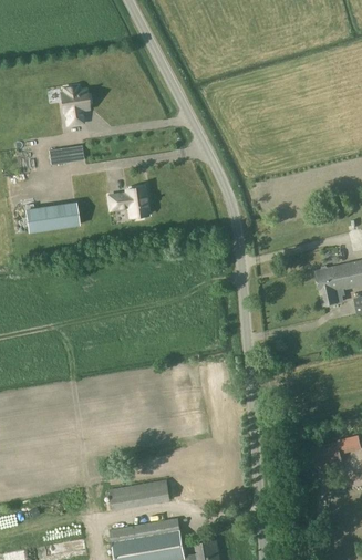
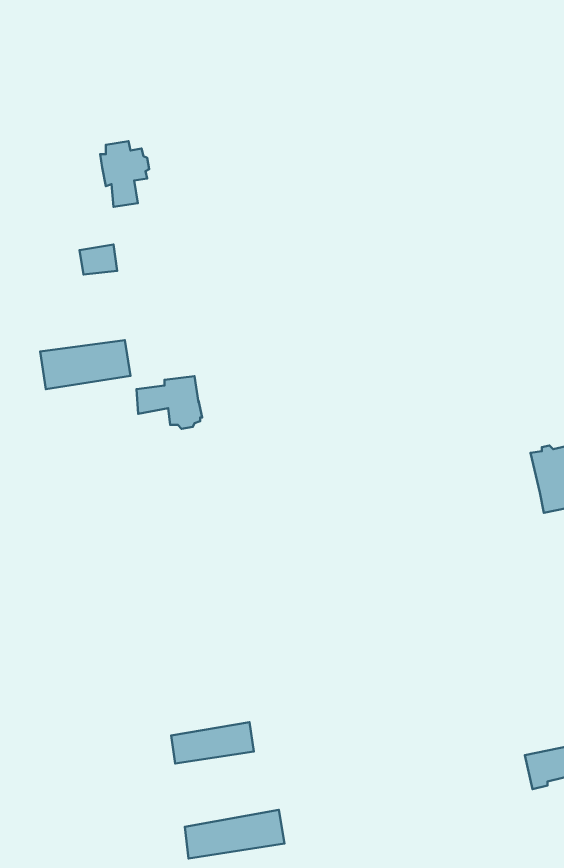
building: [111,188,149,219] -> [136,376,202,429]
building: none -> [171,722,254,763]

